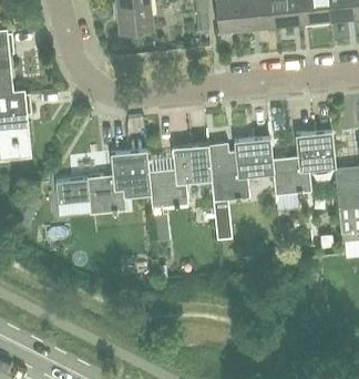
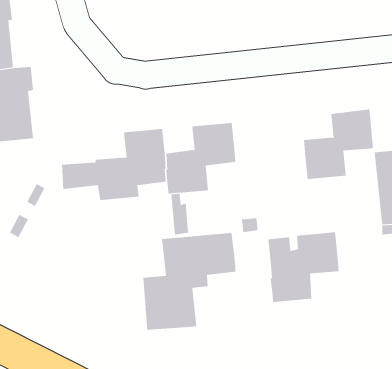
building: [208,136,273,199] -> [268,232,340,302]
building: none -> [143,232,236,330]

